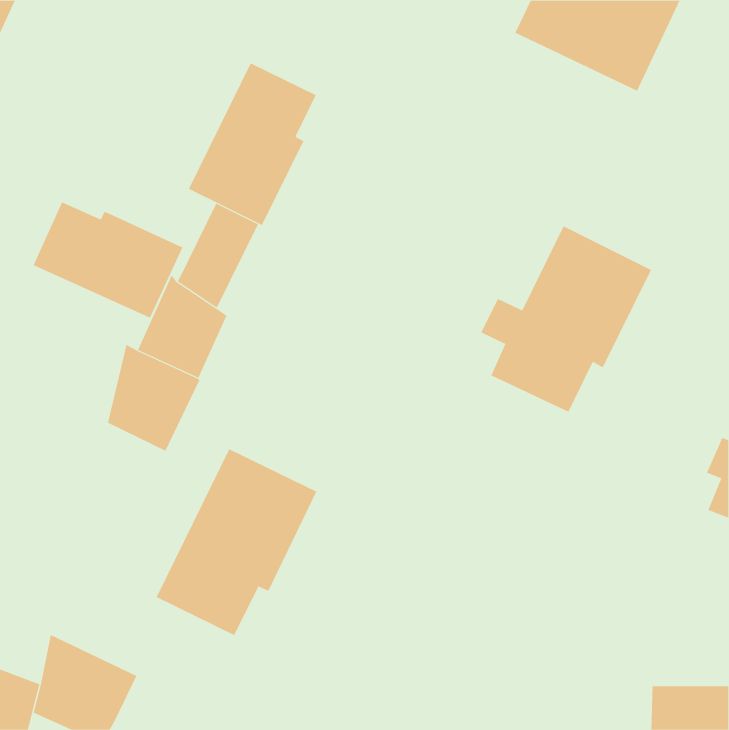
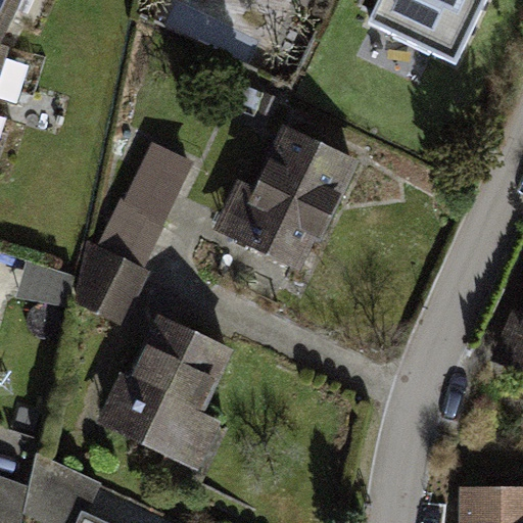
building: [188,62,316,226] -> none
building: [33,202,183,319] -> none
building: [480,225,652,413] -> [230,132,352,266]

